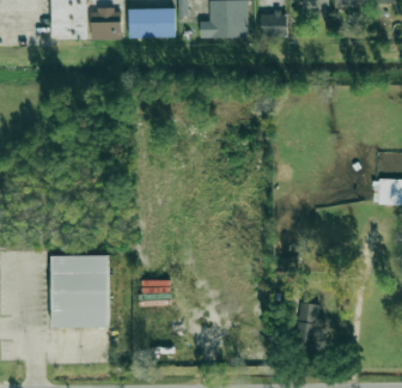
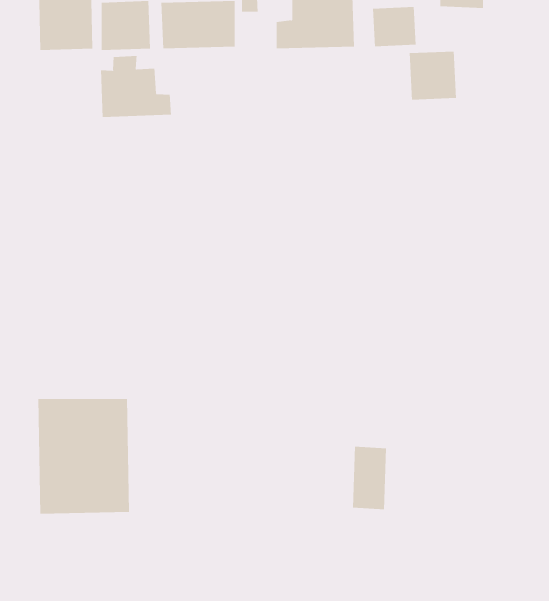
building: none -> [409,51,456,100]
building: none -> [101,55,172,118]
building: [298,303,319,342] -> [352,446,387,510]

